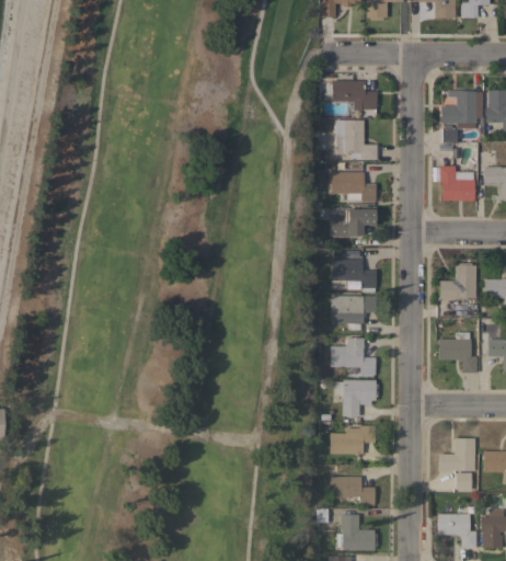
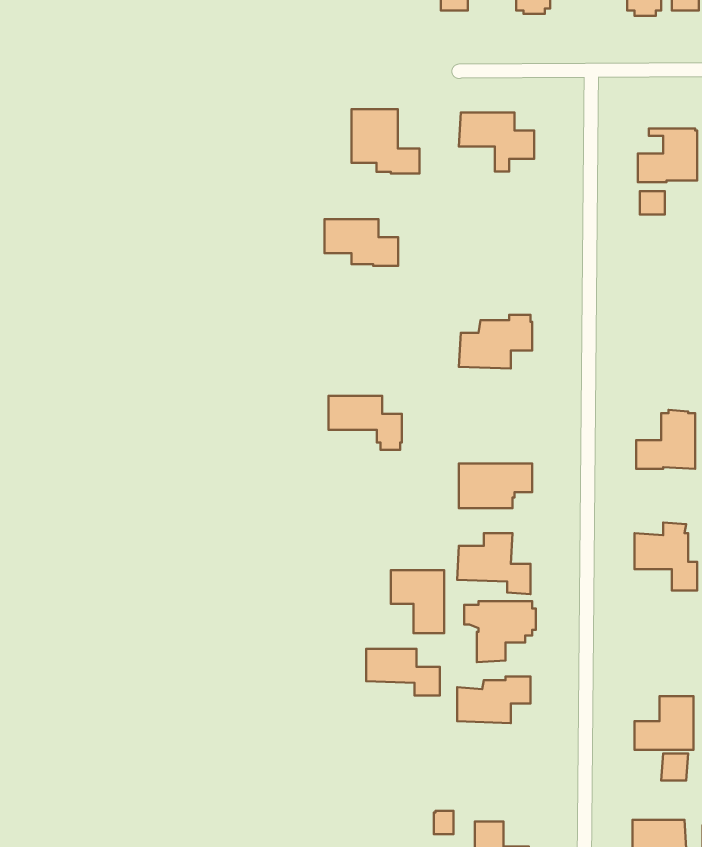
building: [336,121,378,160] -> [351,109,419,173]
building: [440,167,475,202] -> none
building: [332,173,377,202] -> [325,219,398,266]
building: [332,260,377,293] -> [328,396,402,450]
building: none -> [391,570,444,633]
building: [331,477,376,505] -> [366,649,440,695]

